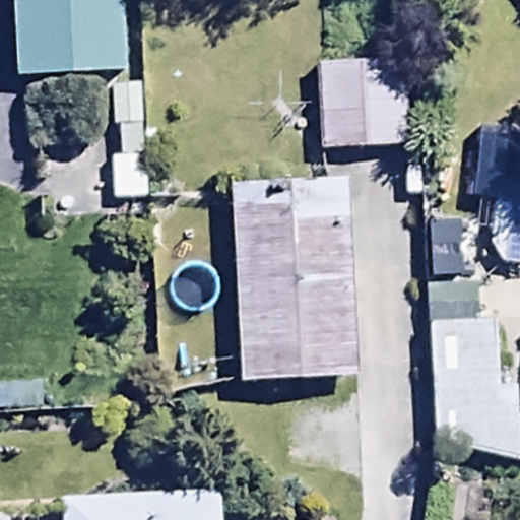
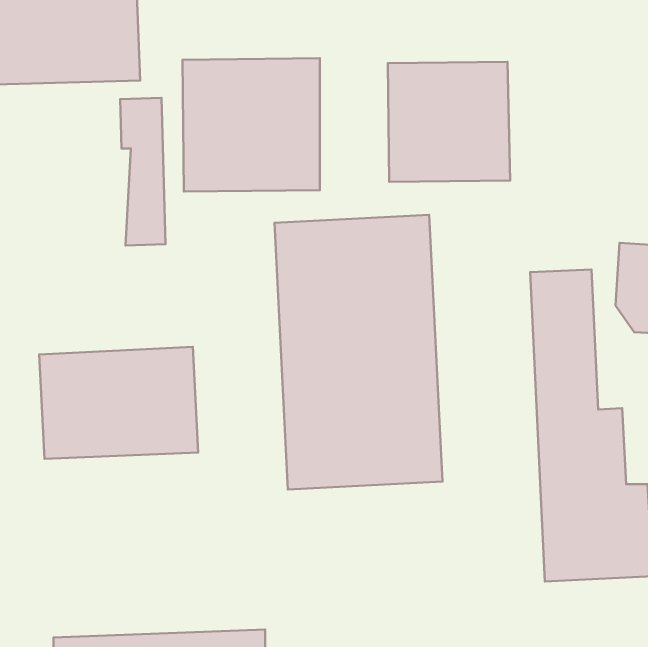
building: none -> [183,58,320,192]
building: none -> [39,347,198,459]

